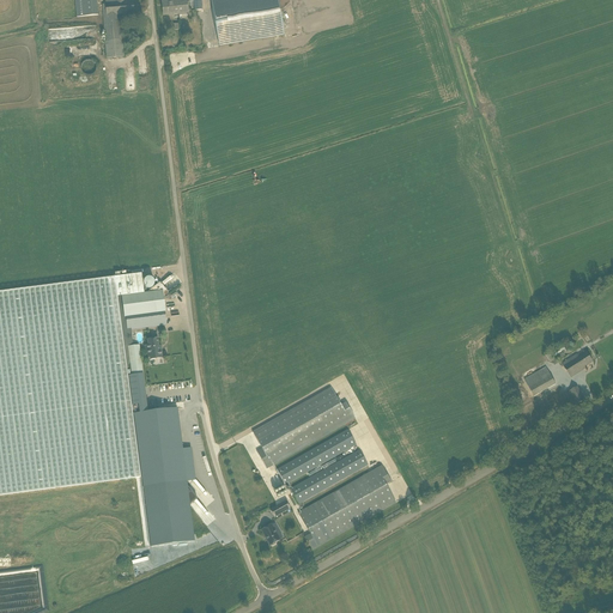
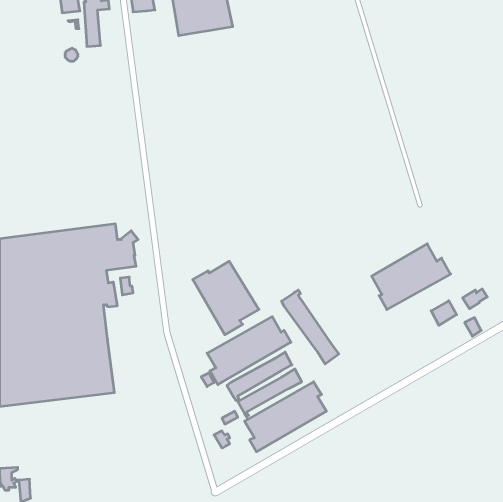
building: none -> [372,244,451,310]
building: none -> [193,261,259,335]
building: none -> [282,290,339,364]
building: [126,370,196,545] -> none

